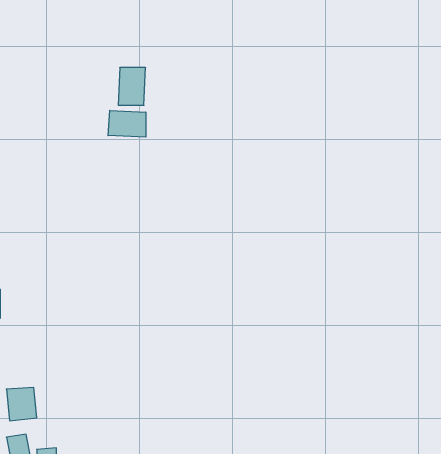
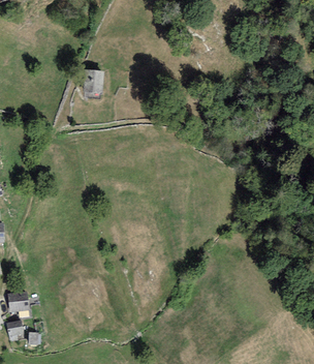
building: [108,110,146,137] -> none

